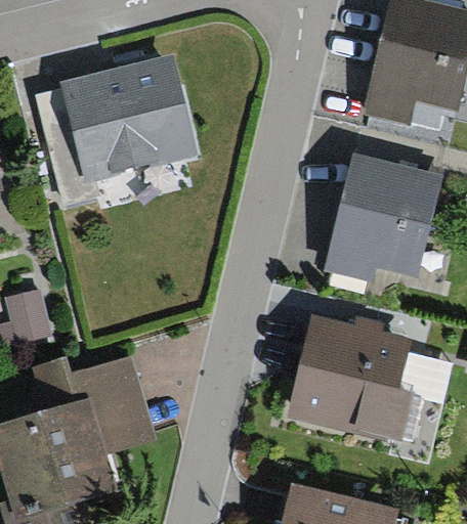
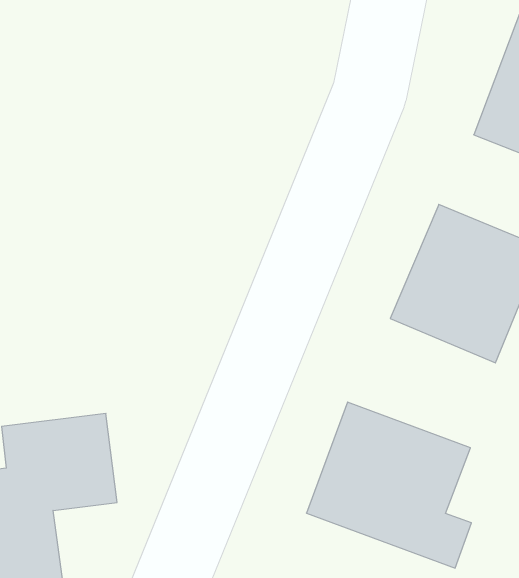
building: [53,61,192,183] -> none

